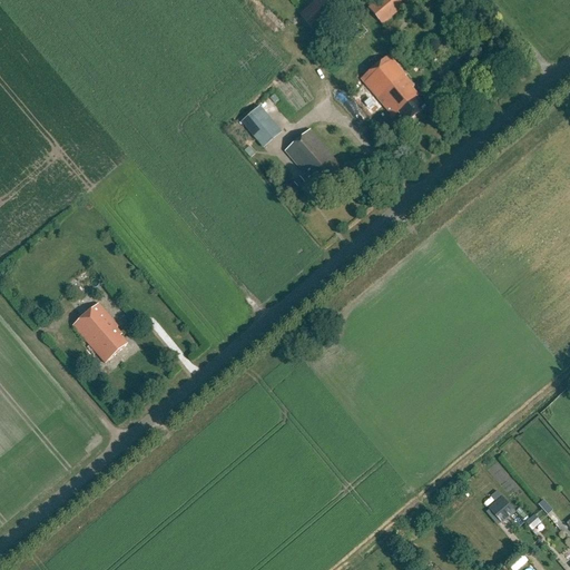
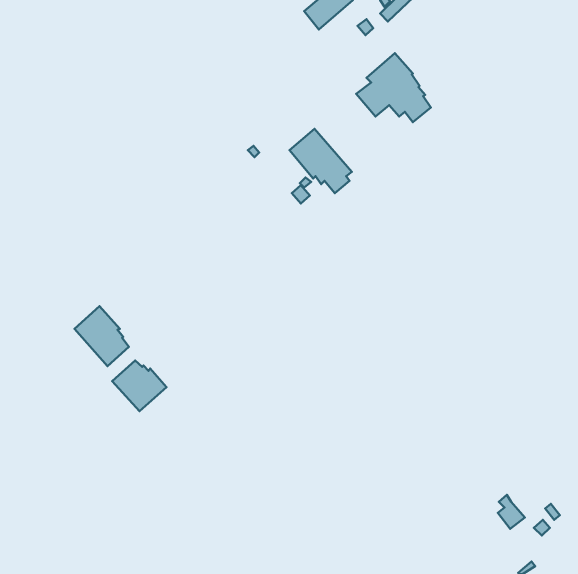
building: [242,104,275,137] -> none
building: none -> [112,361,167,411]

